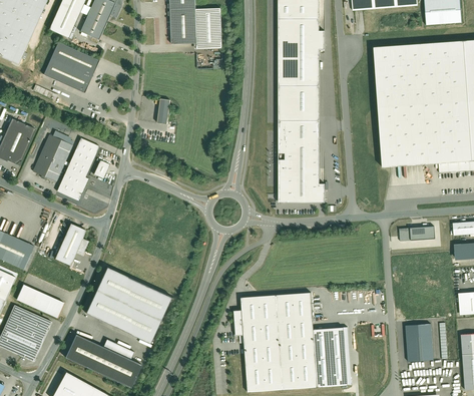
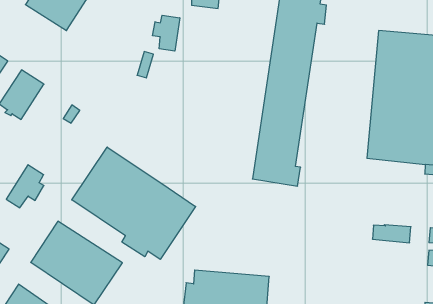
building: none -> [153,15,180,51]
building: [57,137,99,201] -> none
building: none -> [72,147,196,259]

